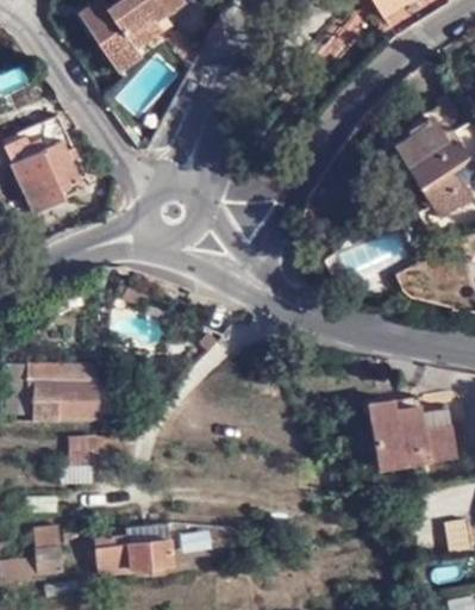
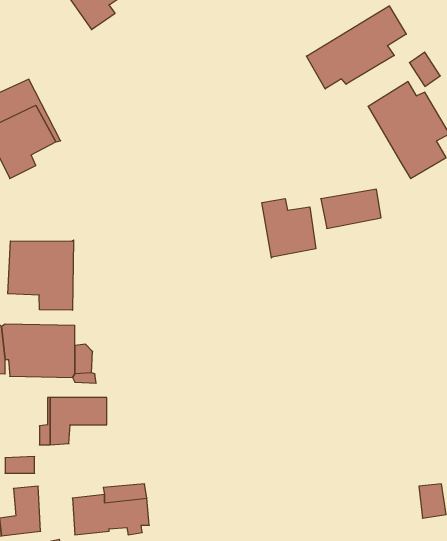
building: none -> [306,6,406,89]
building: none -> [262,199,316,258]
building: none -> [8,240,74,310]
building: [371,396,460,469] -> none

